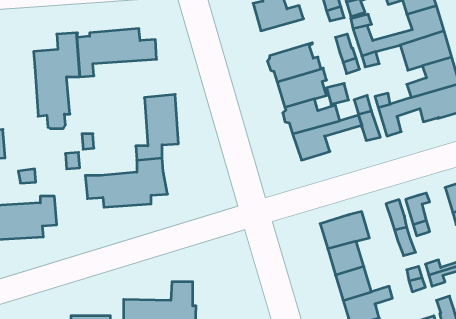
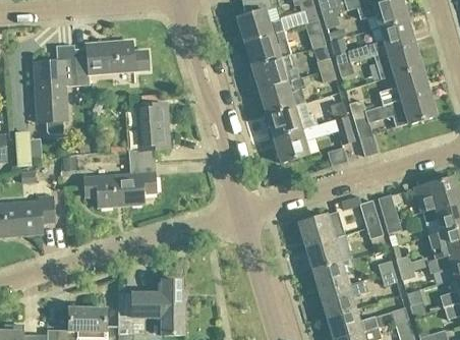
building: none -> [244,31,292,66]
building: none -> [14,131,42,167]

